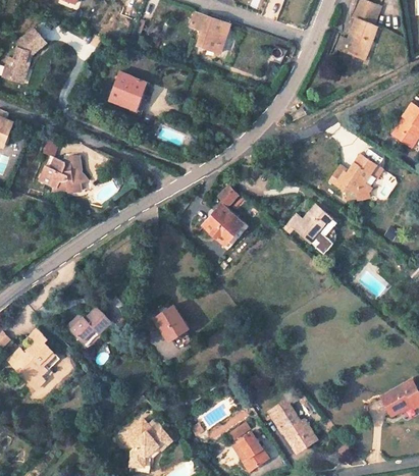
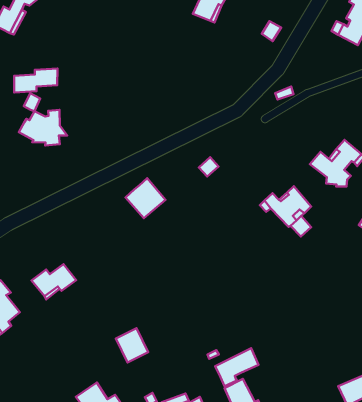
building: [108,72,149,116] -> none
building: none -> [14,69,57,92]
building: [203,205,243,245] -> [125,178,165,218]
building: [154,306,188,340] -> [116,328,148,362]
building: none -> [215,348,259,386]

